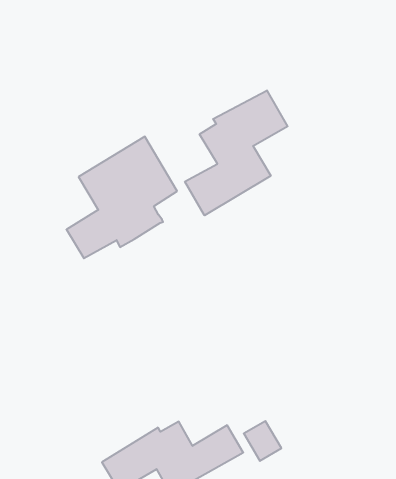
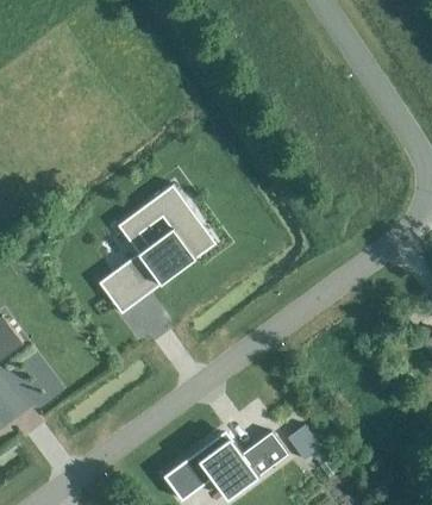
building: [185,90,288,215] -> none

